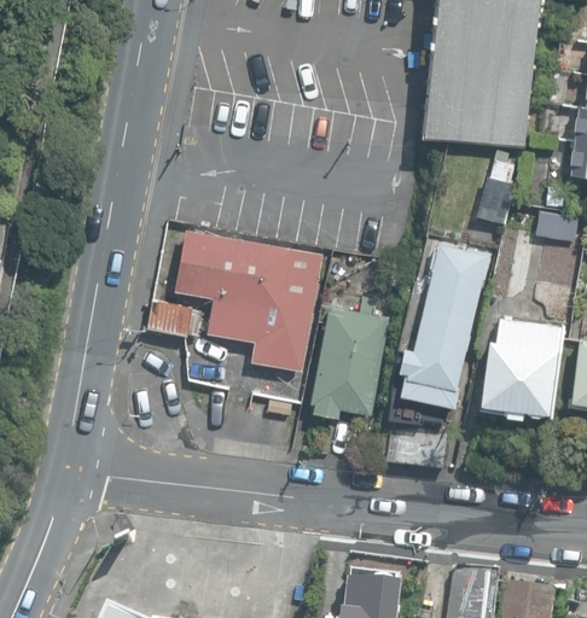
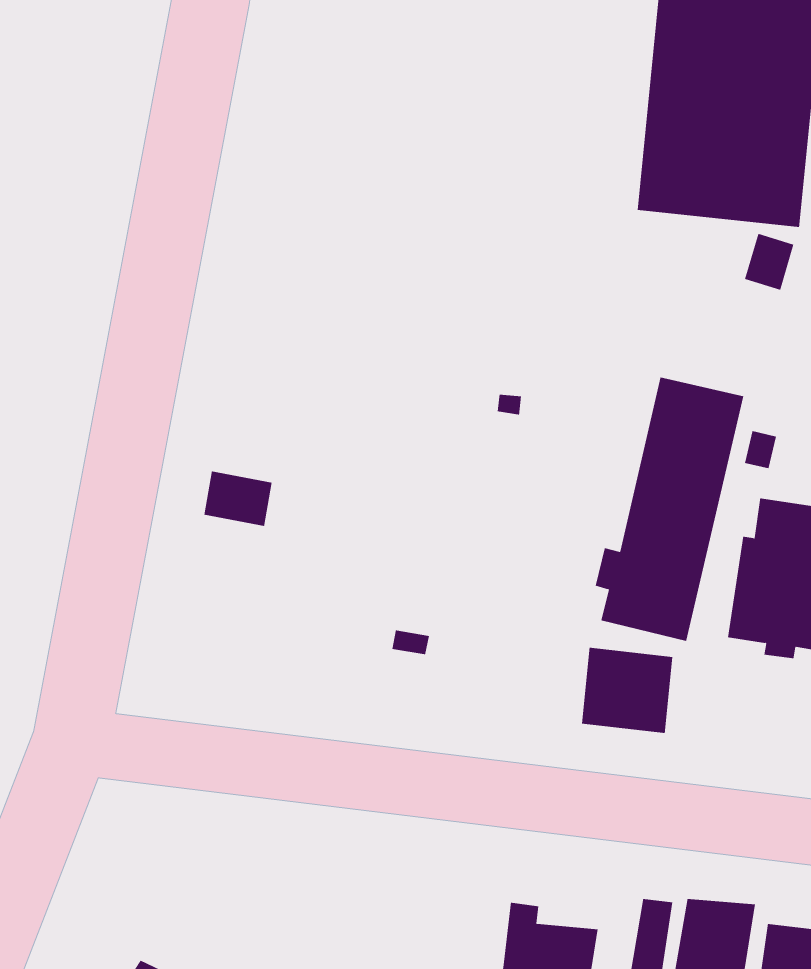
building: [176,231,322,371] -> none
building: [312,297,391,418] -> none

